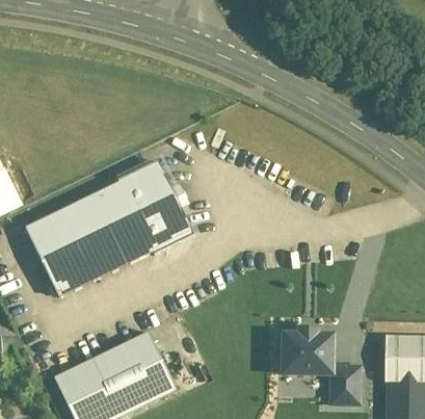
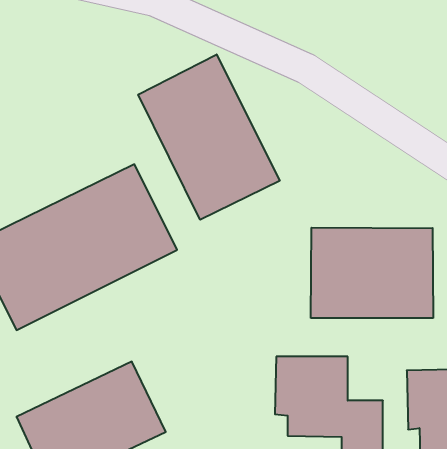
building: none -> [138,54,280,220]
building: none -> [311,228,433,318]

